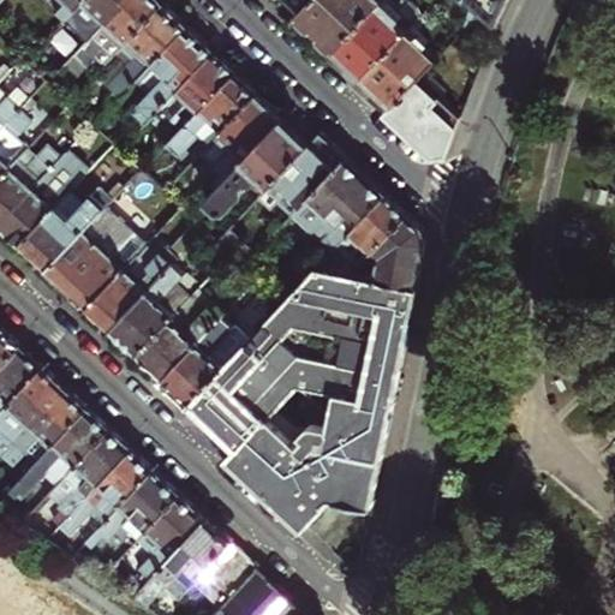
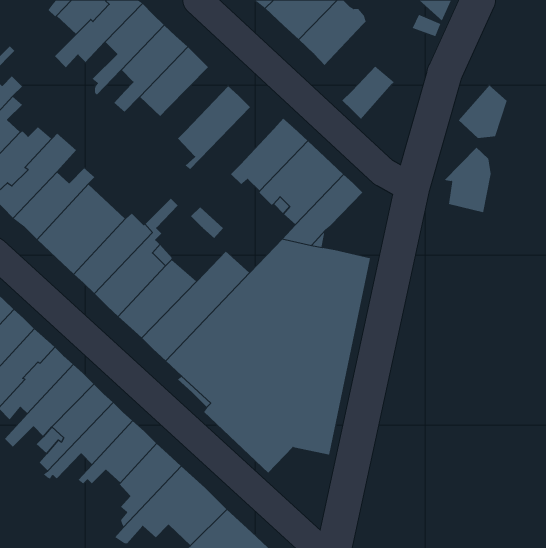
building: [360,32,432,106] -> none
building: [162,79,253,162] -> none
building: [401,98,456,159] -> [458,85,508,139]
building: [203,124,304,215] -> none
building: [368,219,420,292] -> [444,147,491,213]

